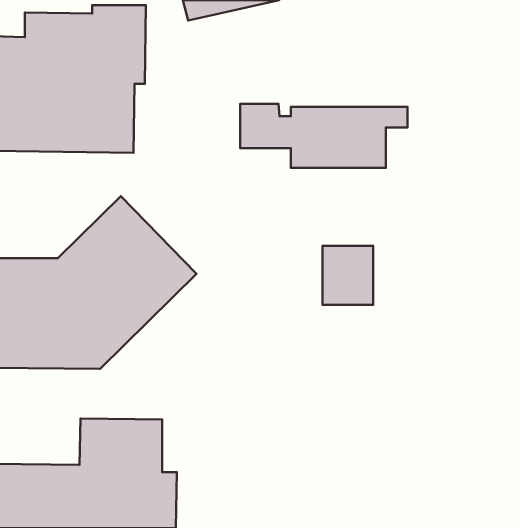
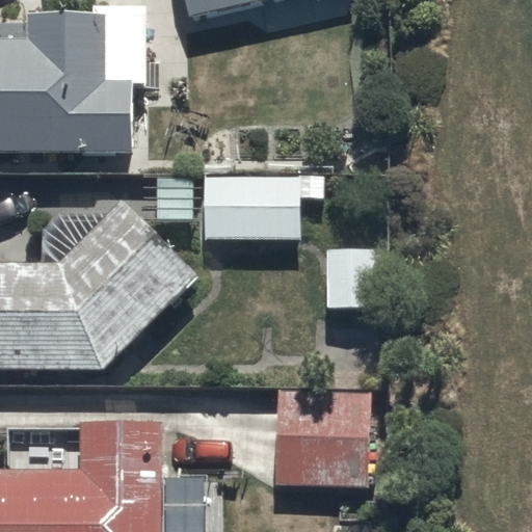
building: [240,104,408,168] -> [153,174,321,238]
building: none -> [273,391,367,487]

